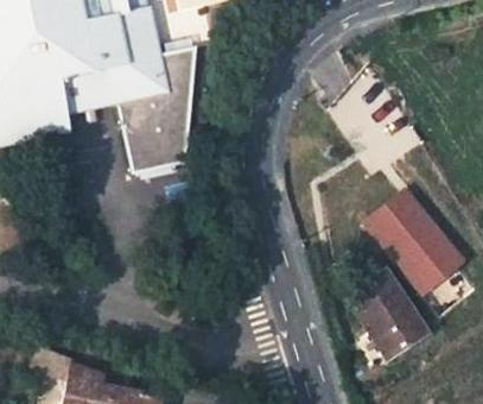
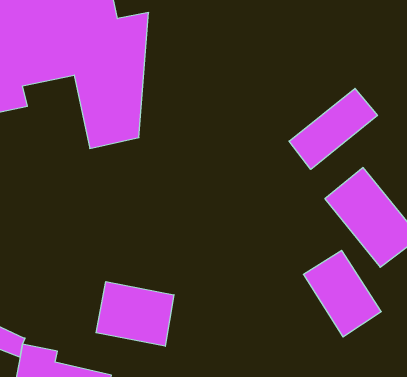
building: none -> [289,88,377,169]
building: none -> [96,282,174,346]

